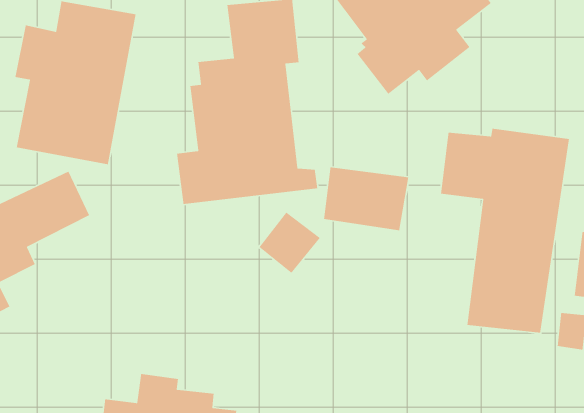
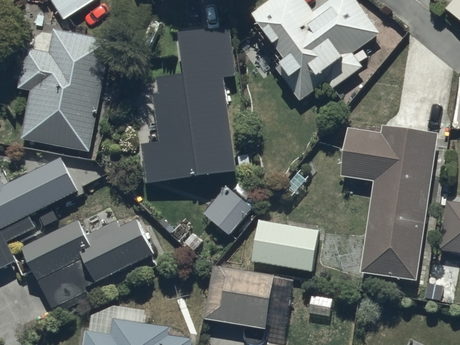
building: [323,166,409,231] -> [253,221,318,270]
building: none -> [23,219,153,309]
building: none -> [203,251,272,327]

